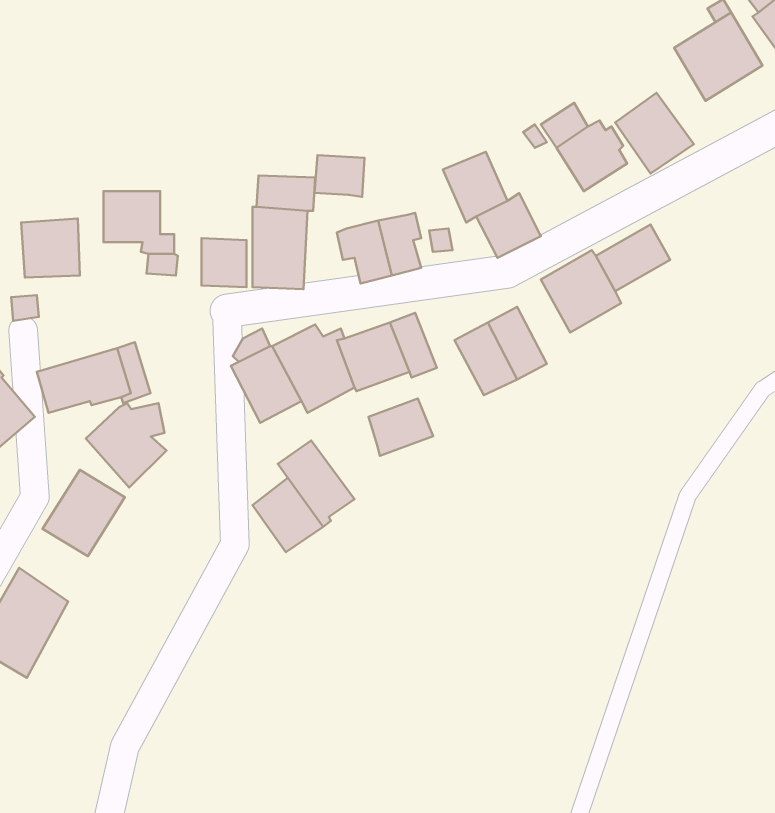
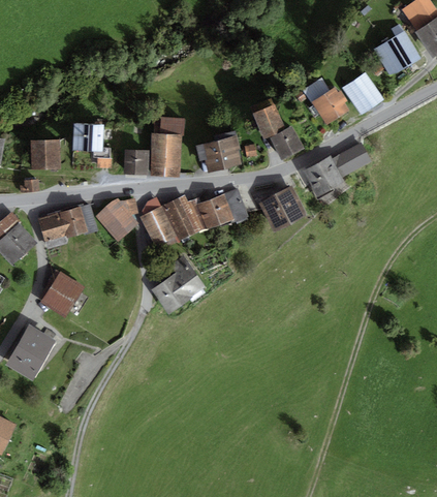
building: [314,155,364,197] -> none
building: [369,398,433,456] -> none
building: [86,403,166,488] -> [95,197,137,242]

